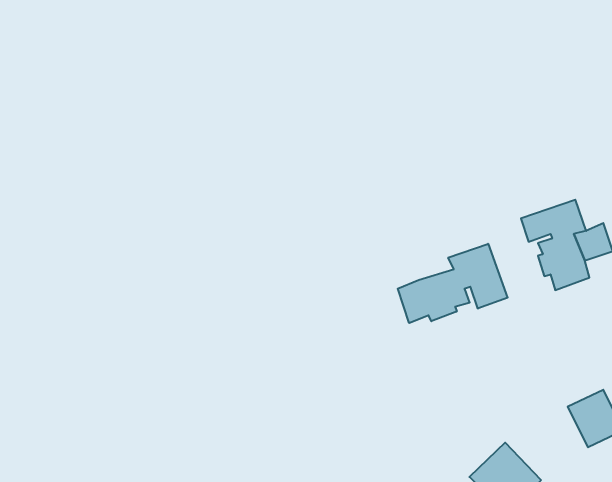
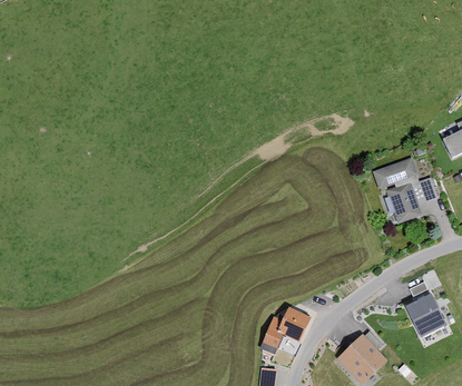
building: [398,244,508,323] -> none
building: none -> [259,307,311,356]

